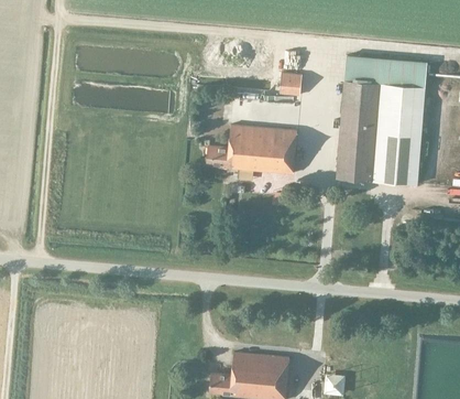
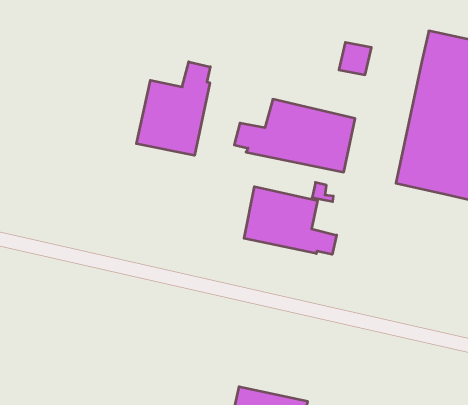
building: none -> [136,62,210,155]
building: none -> [244,187,337,254]

